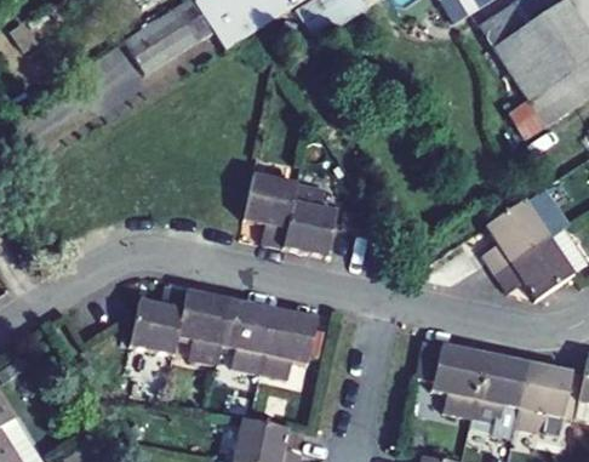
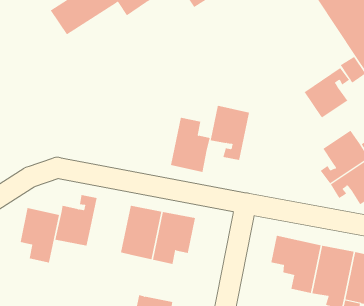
building: none -> [304,67,350,118]
building: [244,172,297,246] -> [210,105,250,161]
building: [177,290,230,364] -> [20,208,60,263]

